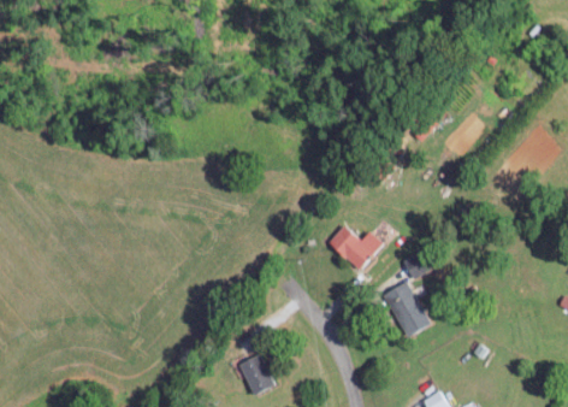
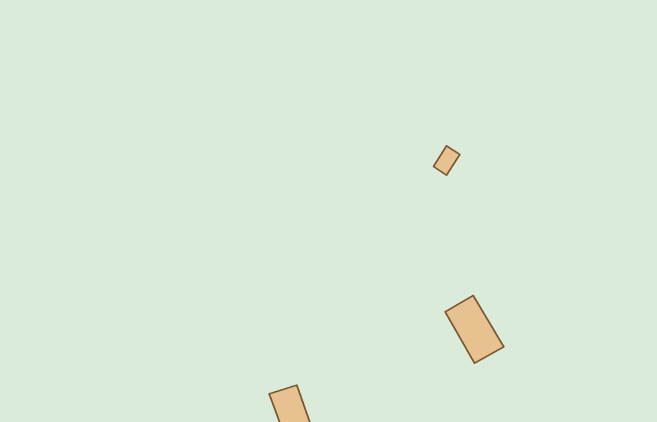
building: [329,225,383,270] -> none

